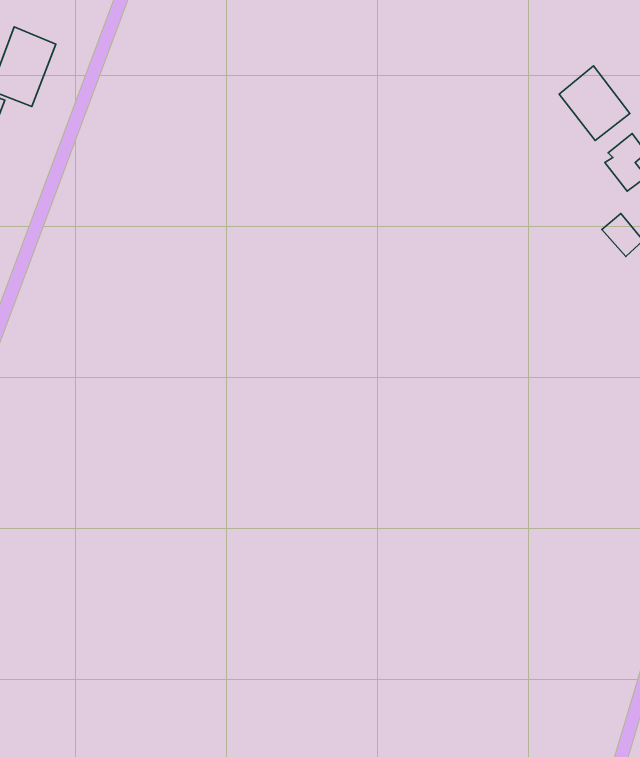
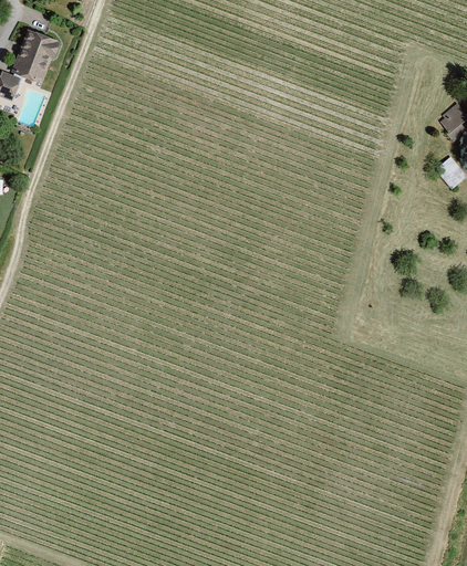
building: [559,66,630,140] -> none

